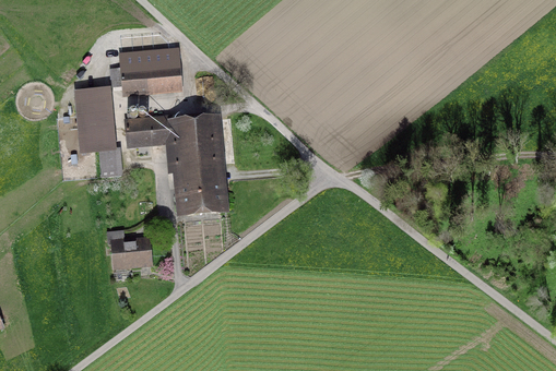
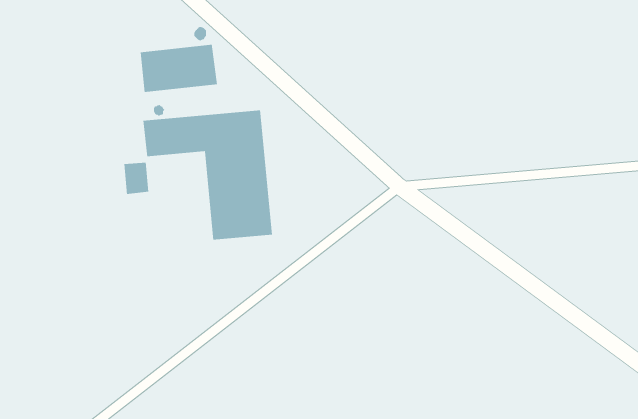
building: [75,87,114,144] -> none
building: [111,236,151,272] -> none

